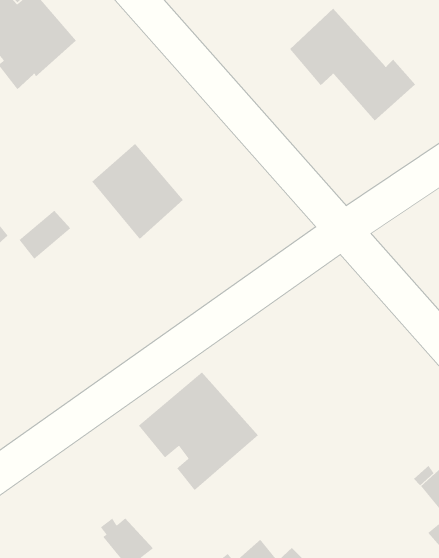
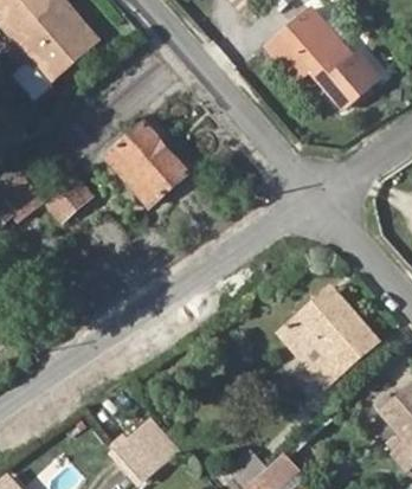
building: [138,372,259,491] -> [278,287,379,386]

